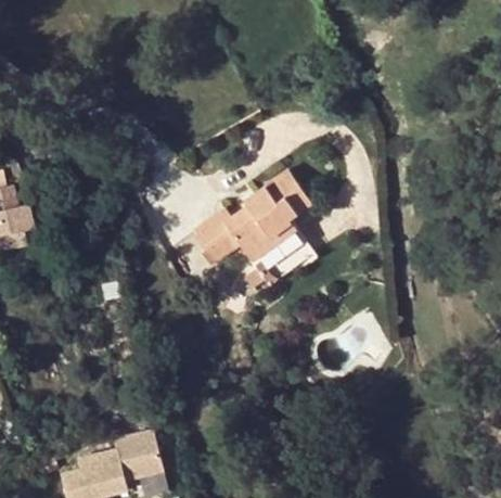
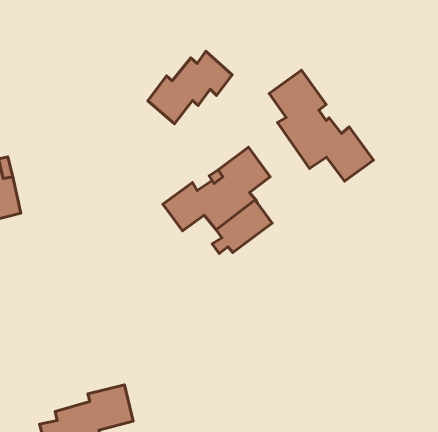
building: none -> [148,51,232,124]
building: none -> [269,70,373,181]

